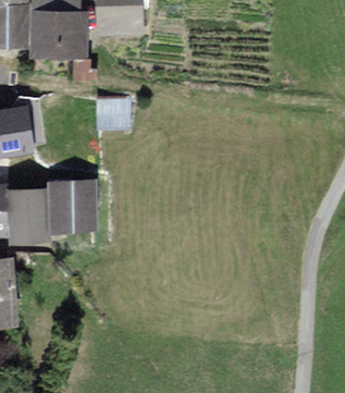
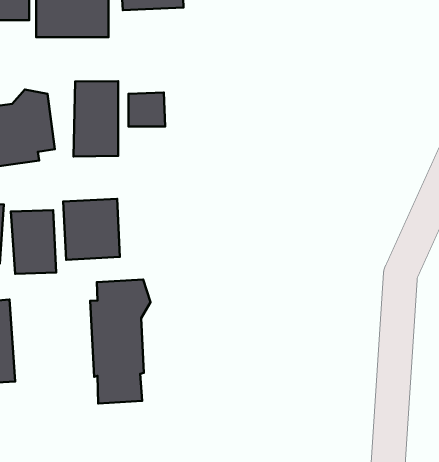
building: none -> [74,81,118,156]
building: none -> [90,279,151,403]

